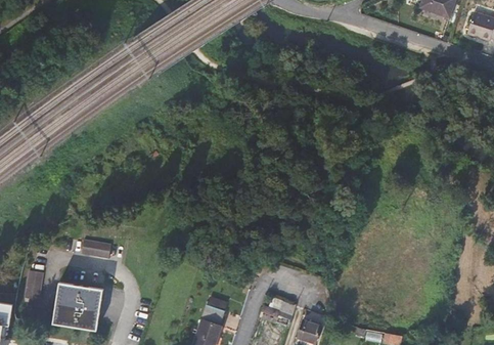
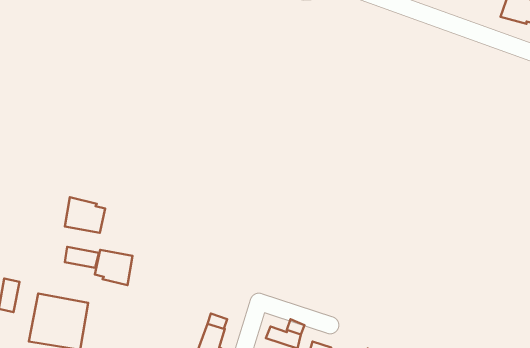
building: none -> [65,197,105,233]
building: none -> [95,250,133,285]

